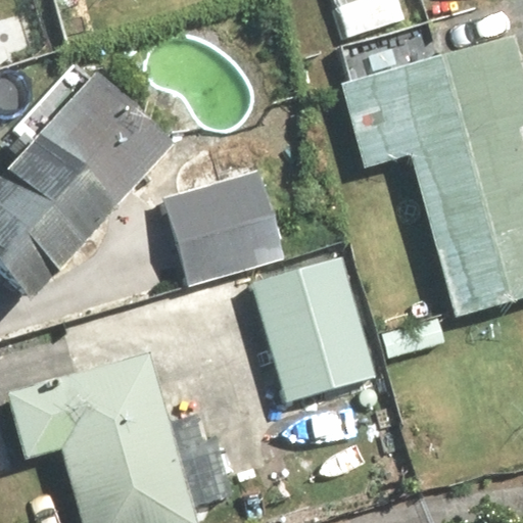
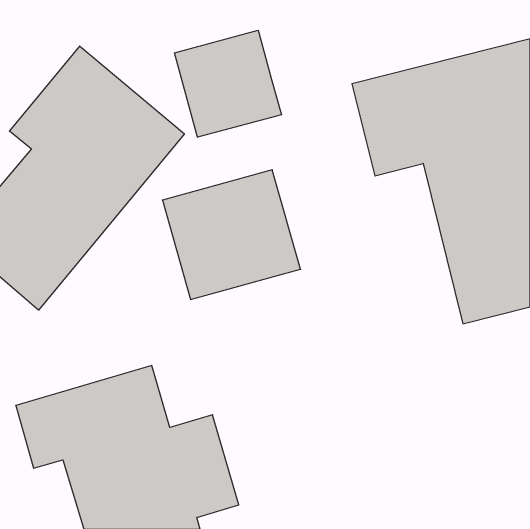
building: none -> [174,30,281,137]
building: [248,247,382,407] -> none

